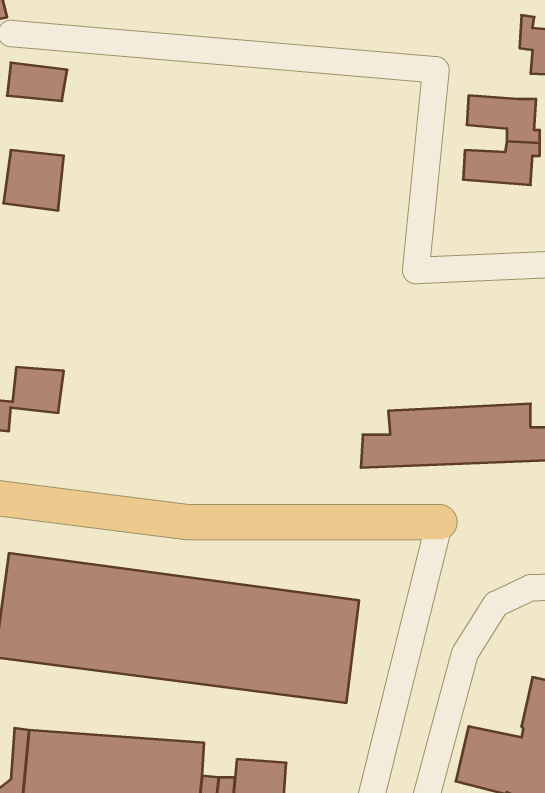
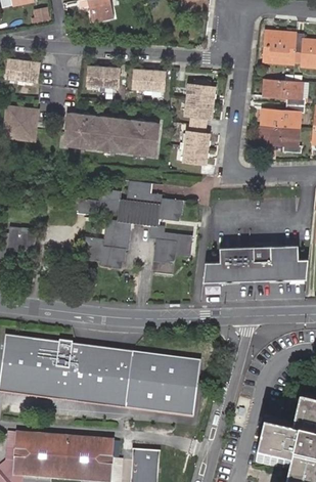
building: none -> [262,29,294,61]
building: none -> [86,64,119,86]
building: none -> [132,68,165,89]
building: none -> [183,79,214,163]
building: none -> [63,113,157,157]
building: none -> [259,123,301,149]
building: none -> [78,181,193,270]

